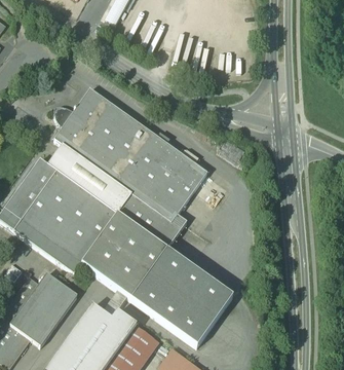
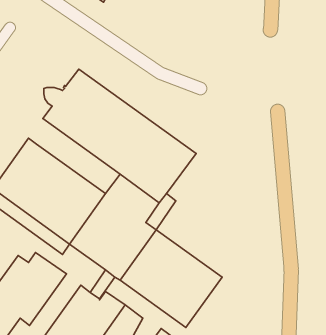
building: [48,144,131,213] -> none

